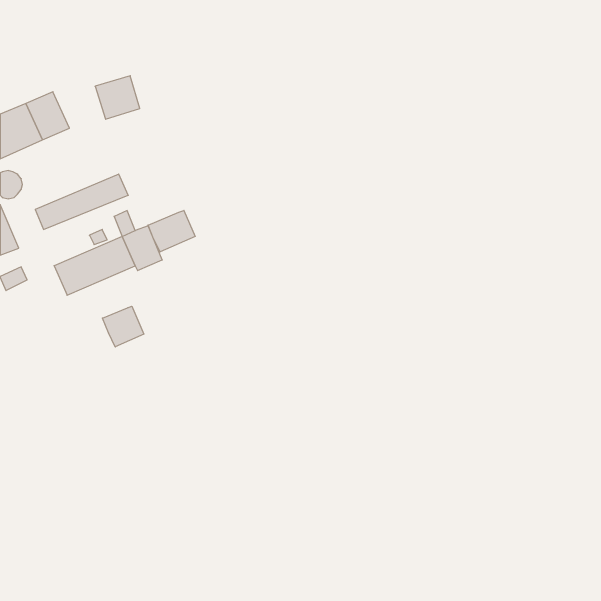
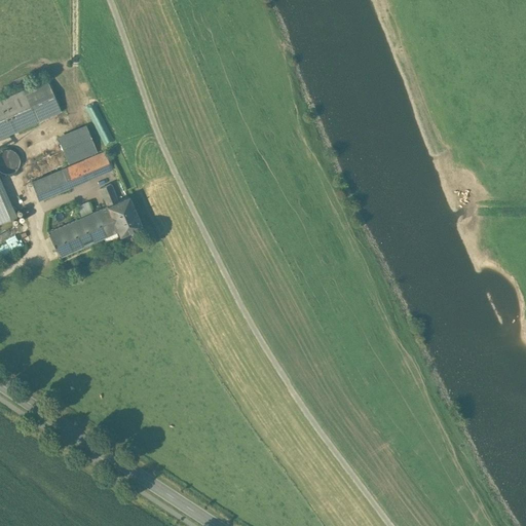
building: [95,76,140,119] -> [59,125,98,163]
building: [148,210,195,252] -> none
building: [102,306,144,347] -> none

